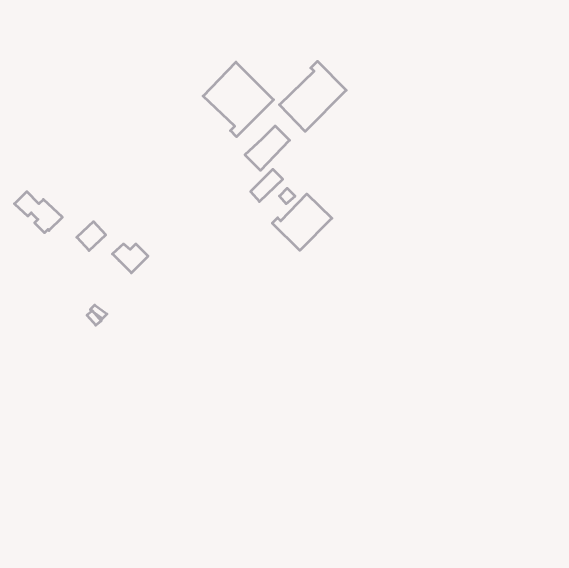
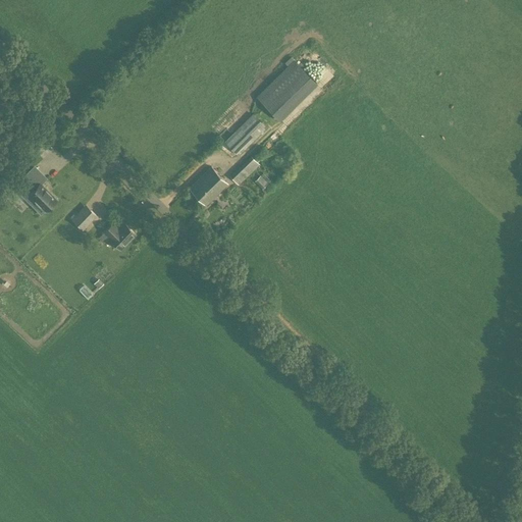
building: [203,62,274,137] -> none
building: none -> [189,168,227,207]
building: [272,194,332,250] -> none

